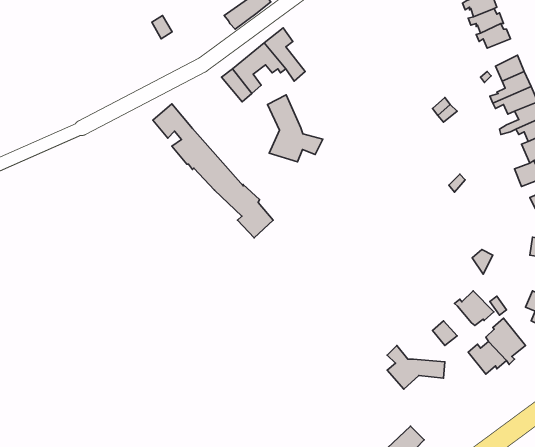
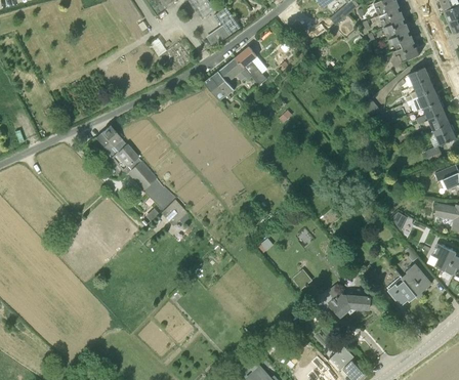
building: [267,95,323,162] -> none
building: [153,104,273,238] -> [96,126,186,226]
building: [454,291,494,326] -> none

